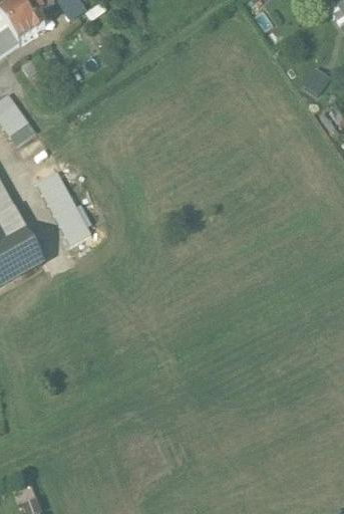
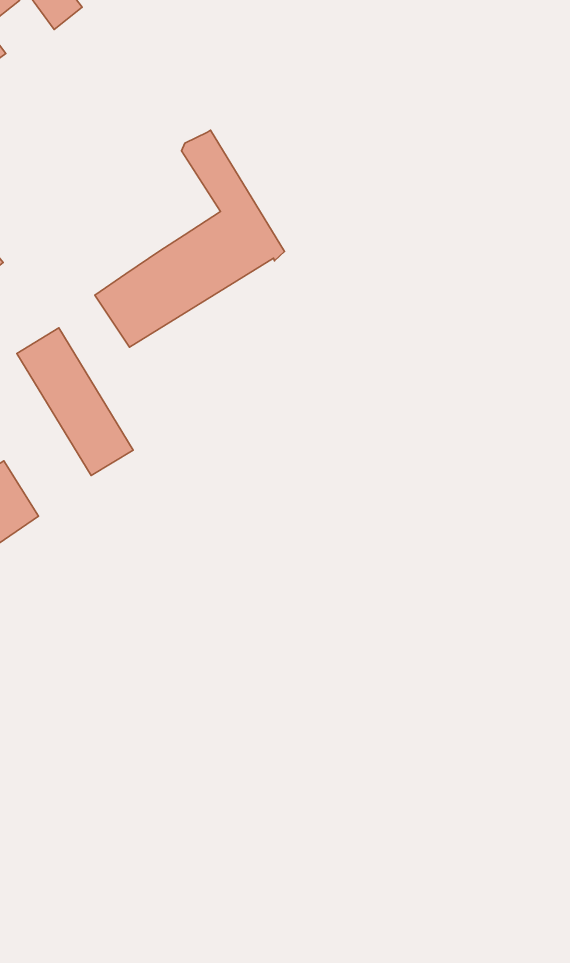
building: none -> [95,130,284,347]

